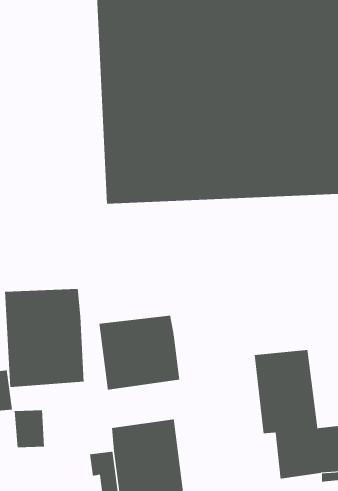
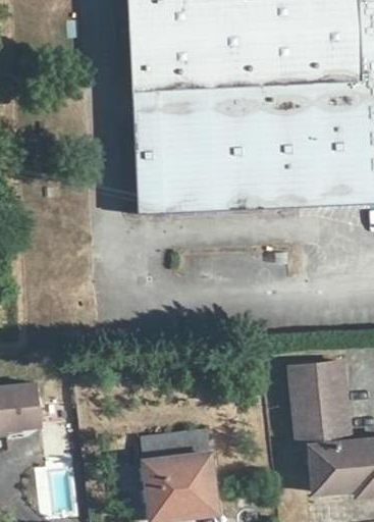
building: [5,288,84,388] -> none
building: [99,315,180,390] -> none

